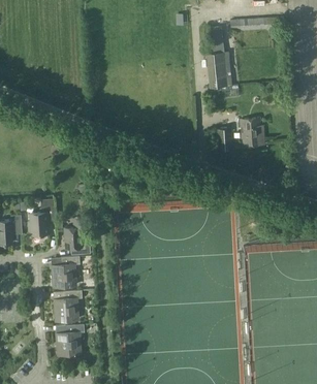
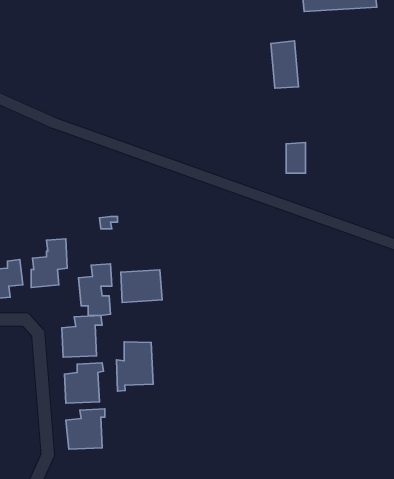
building: [240,118,264,147] -> none
building: none -> [121,270,162,302]
building: none -> [116,342,153,391]

